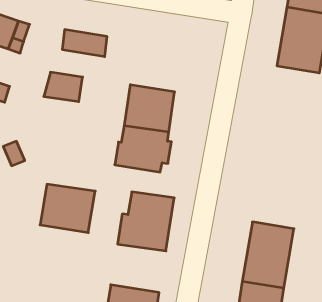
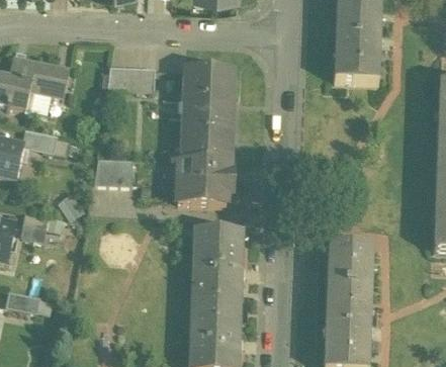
building: none -> [183,70,233,120]
building: [44,72,83,102] -> [94,159,132,186]
building: [40,184,95,233] -> [188,287,242,333]

